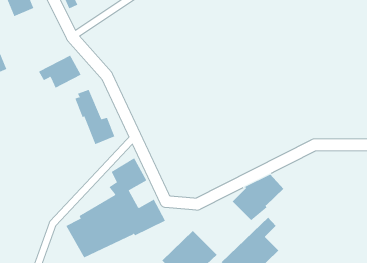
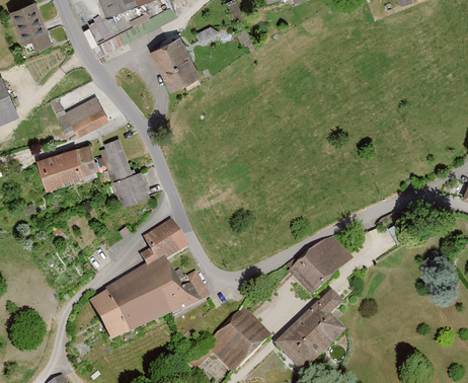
building: none -> [149,35,200,90]
building: none -> [35,143,96,188]

